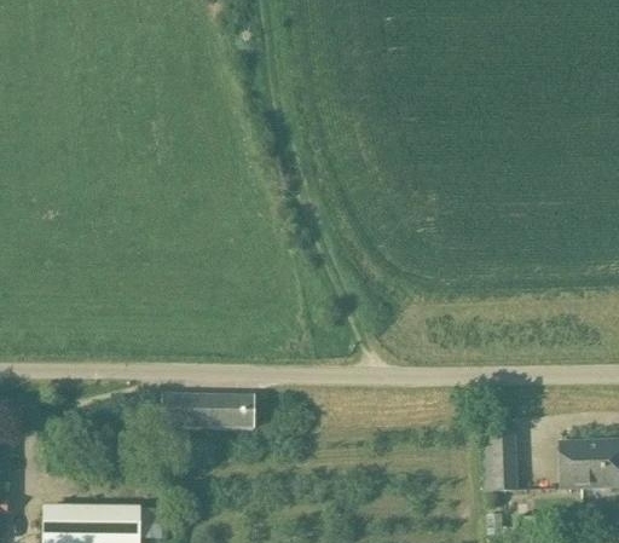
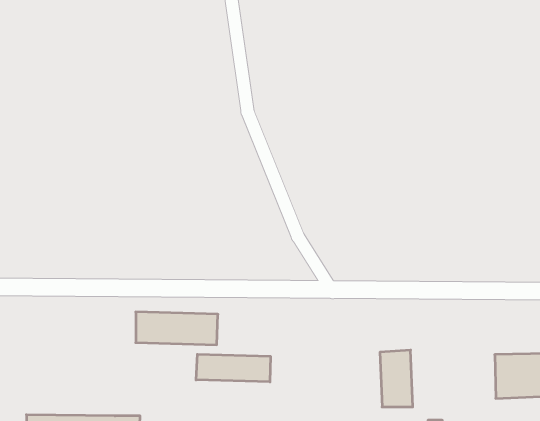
building: [482,427,519,490] -> [380,350,413,407]
building: none -> [196,354,270,382]

